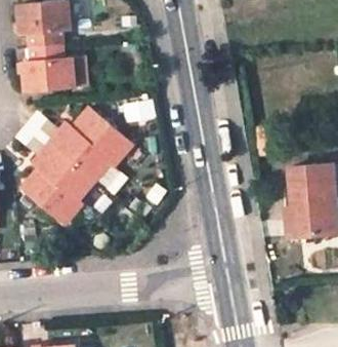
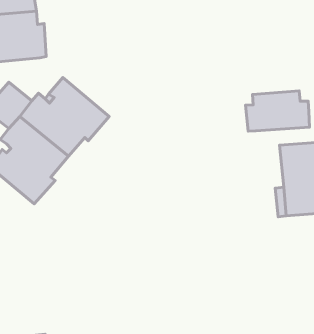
building: none -> [245,91,309,131]

